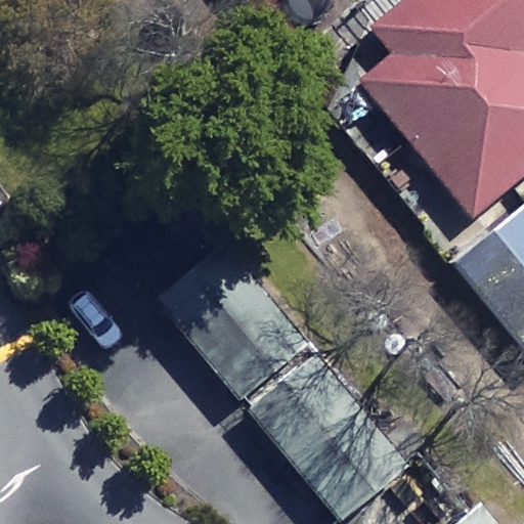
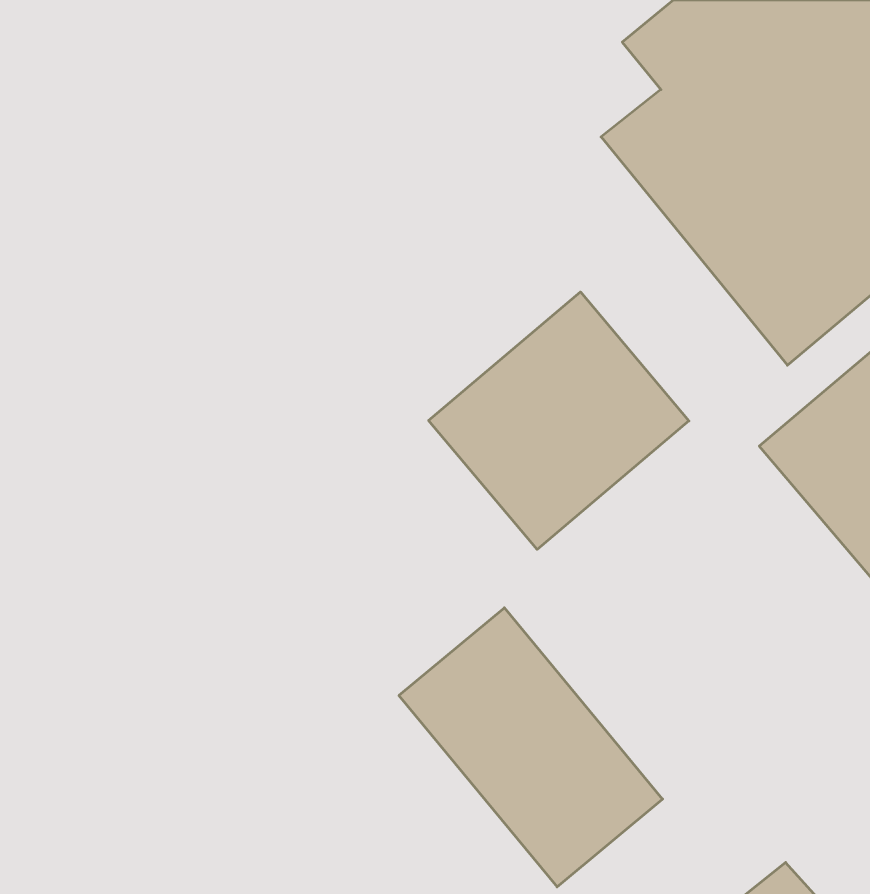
building: none -> [429,292,689,549]
building: [156,242,307,399] -> none

